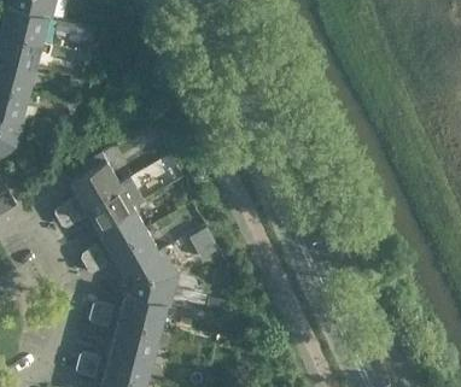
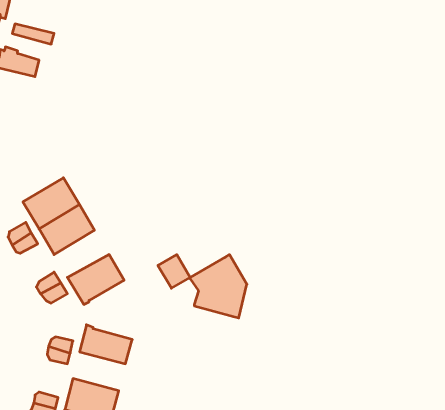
building: [97,207,146,250] -> none
building: [128,250,179,306] -> [190,255,247,318]
building: [113,316,161,351] -> none

